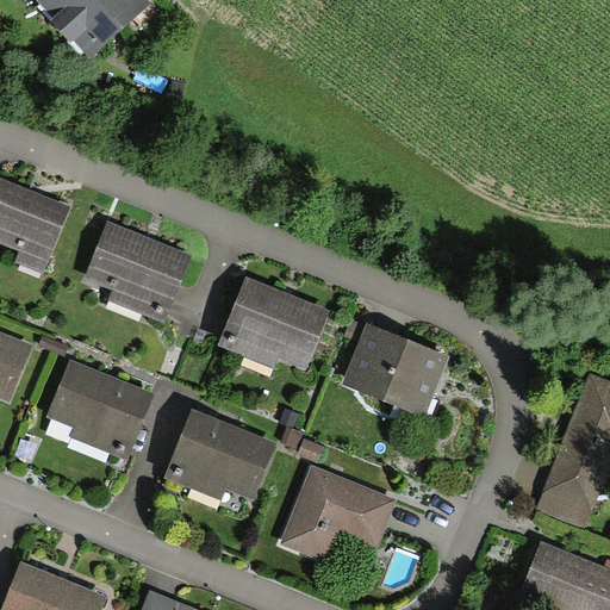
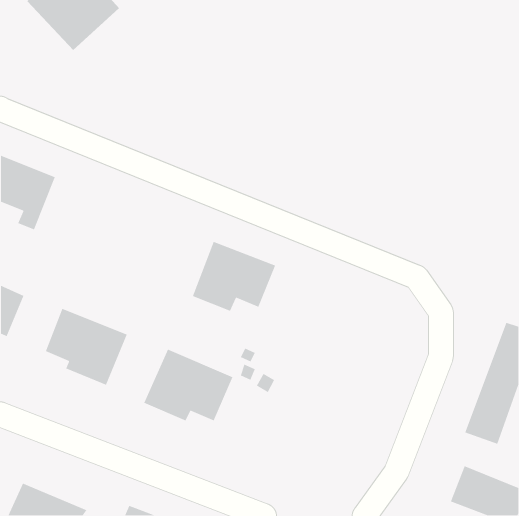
building: [88,225,187,317] -> none
building: [349,326,443,409] -> none
building: [285,468,390,559] -> none

